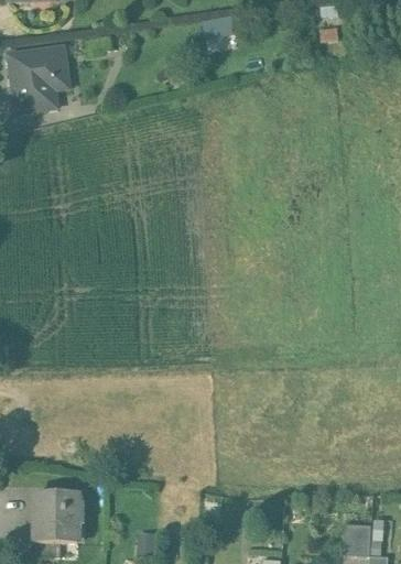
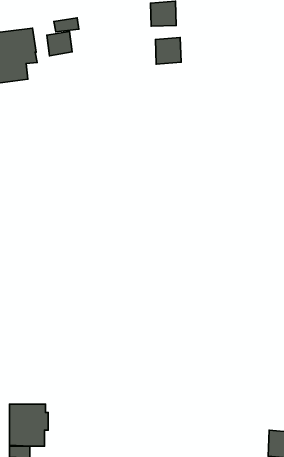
building: none -> [47,31,72,56]
building: none -> [155,37,181,64]

